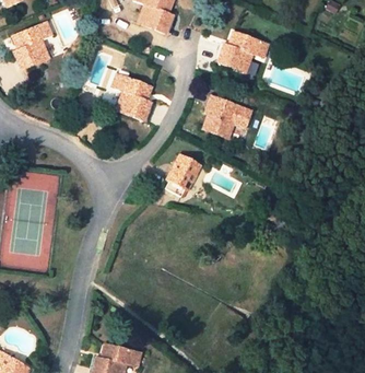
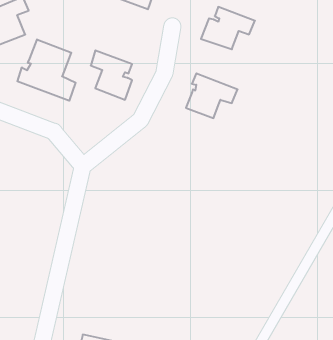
building: none -> [17,39,76,101]
building: [165,155,199,196] -> none

